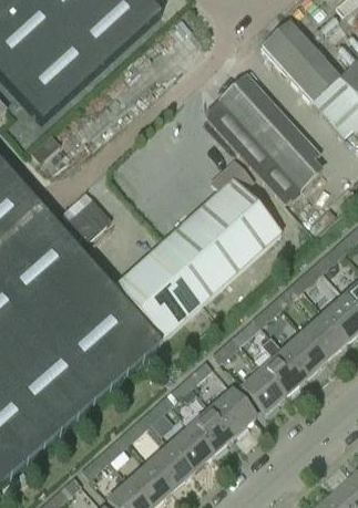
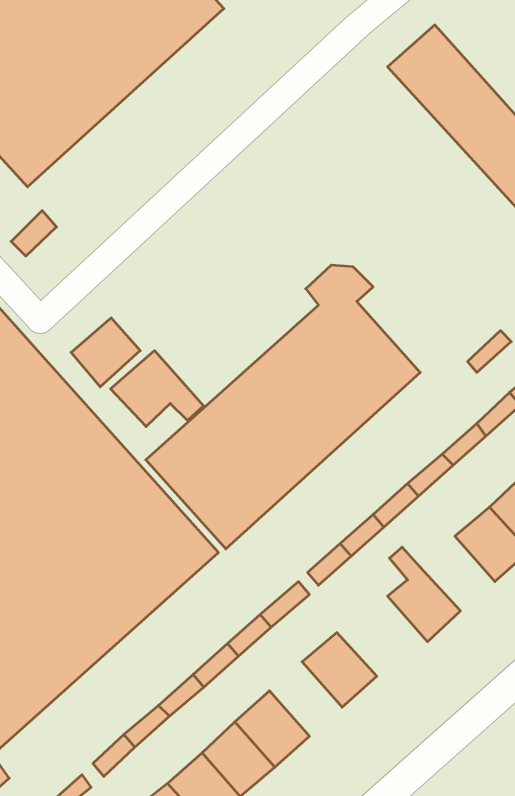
building: [206,72,320,203] -> none
building: none -> [111,351,204,427]
building: [282,331,327,376] -> none
building: [241,367,286,414] -> none
building: [190,407,234,453] -> none

